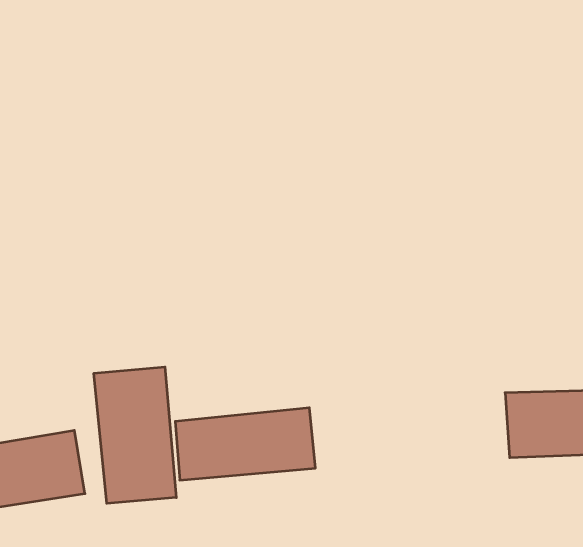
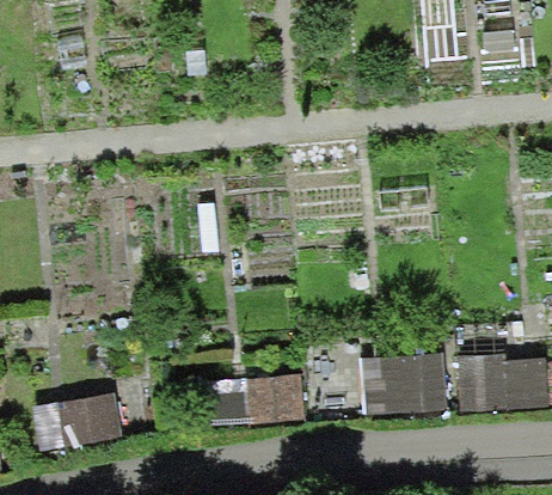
building: [94,367,176,503] -> none
building: none -> [358,354,448,415]

